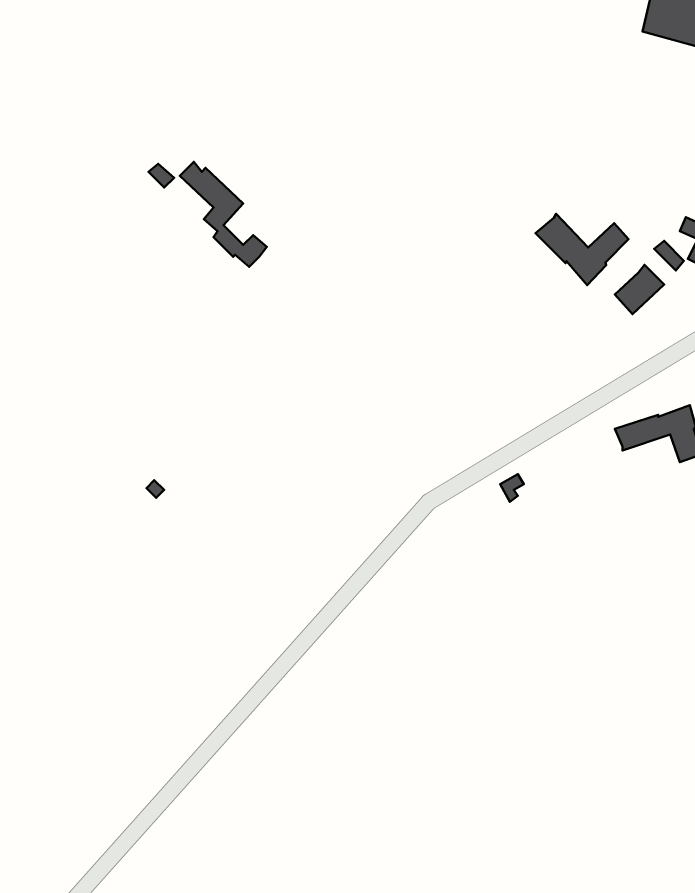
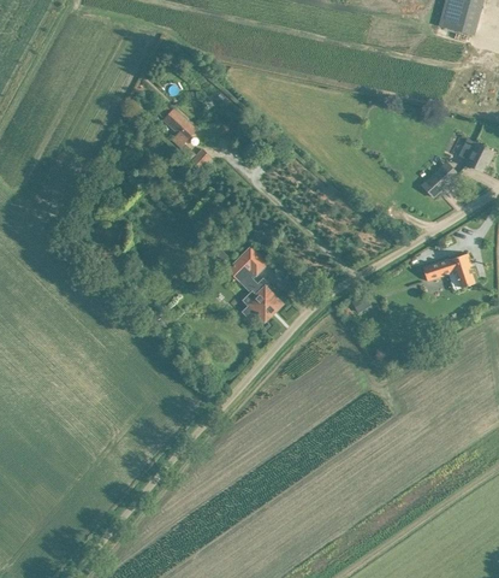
building: [536,214,629,285] -> none
building: none -> [227,247,283,322]

